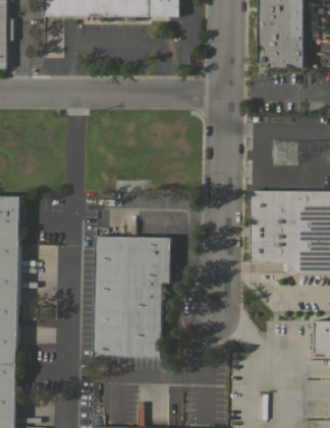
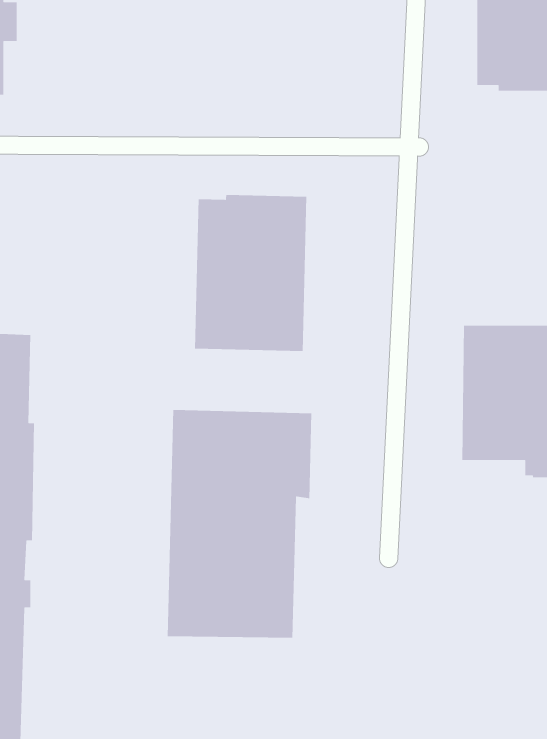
building: none -> [194,194,307,352]

